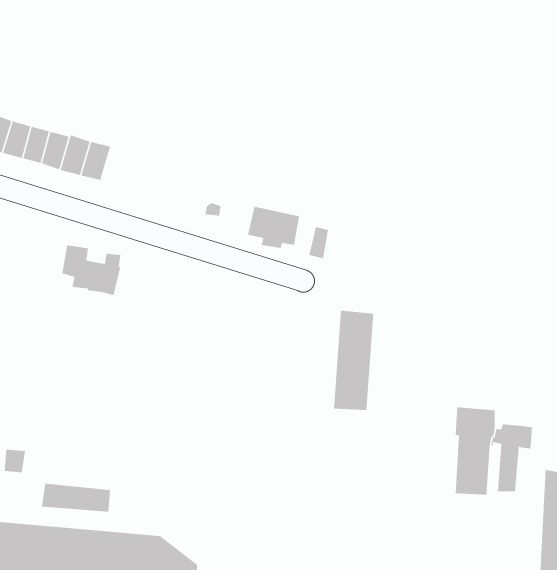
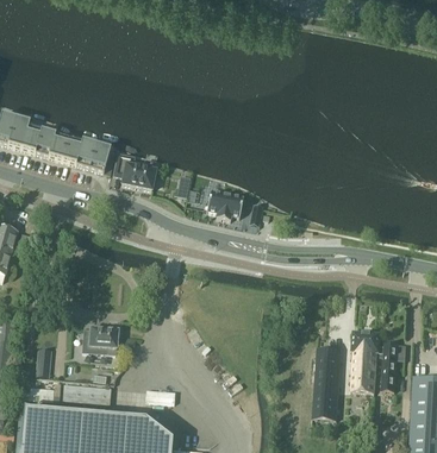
building: [62,245,121,296] -> [114,153,156,189]
building: [333,310,374,411] -> [312,347,341,417]
building: none -> [82,326,119,353]

